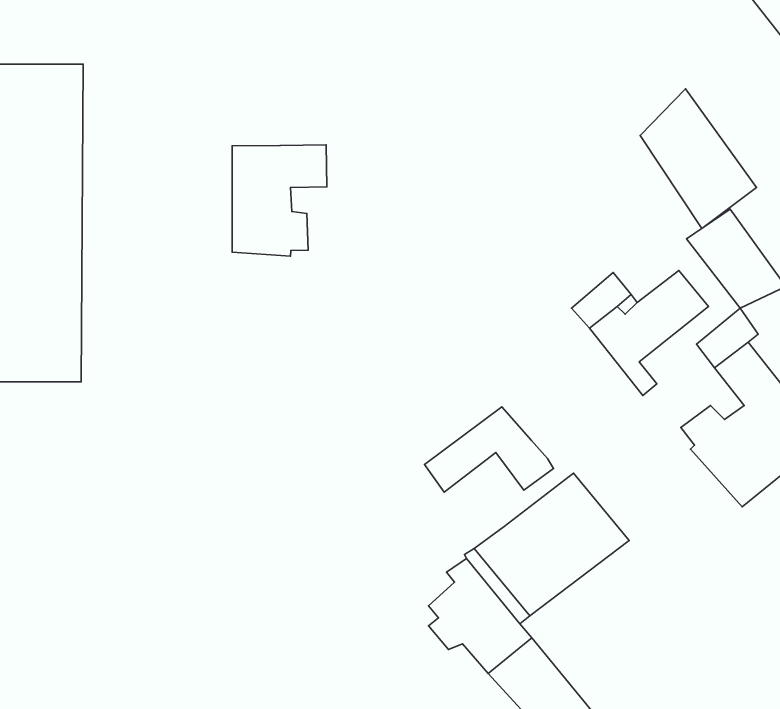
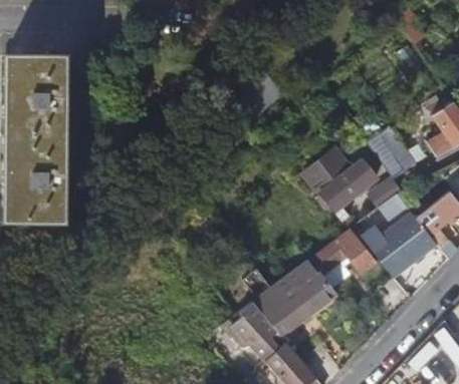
building: [640,89,756,228] -> none
building: [232,145,327,256] -> none
building: [424,407,553,492] -> [312,233,378,276]

